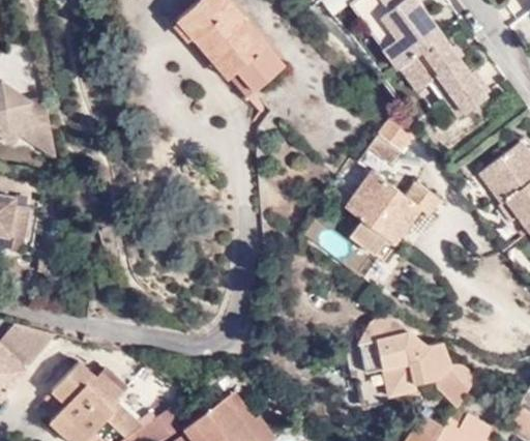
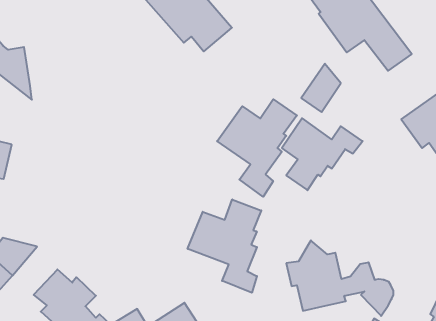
building: none -> [217,99,297,197]
building: none -> [188,199,261,293]

